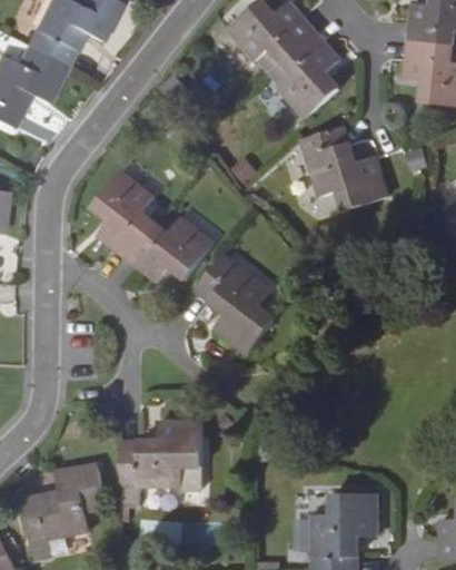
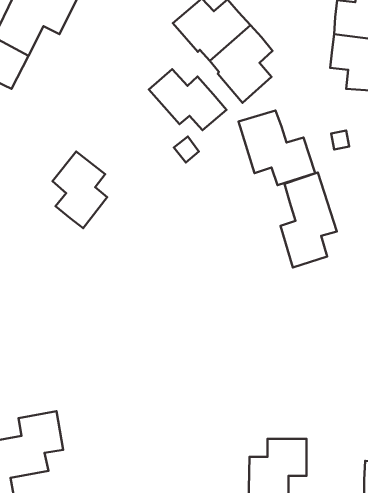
building: none -> [149,69,227,130]
building: none -> [280,173,337,267]
building: [128,218,214,282] -> none
building: [196,254,274,354] -> none
building: [121,421,202,505] -> none

